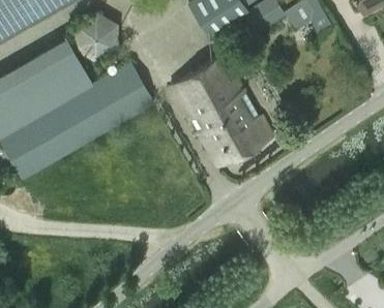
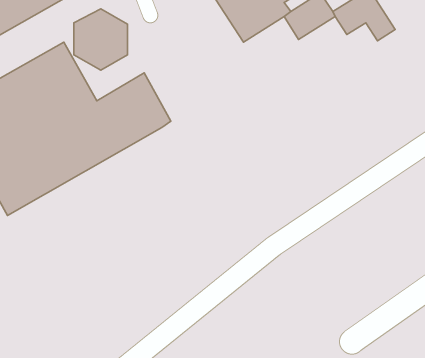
building: [167,58,271,170] -> none

